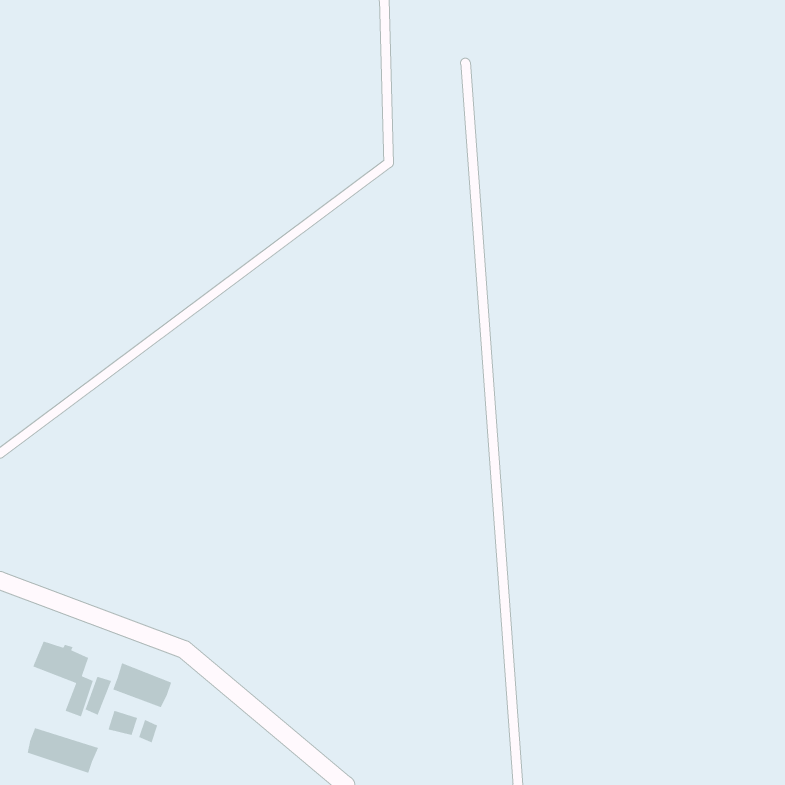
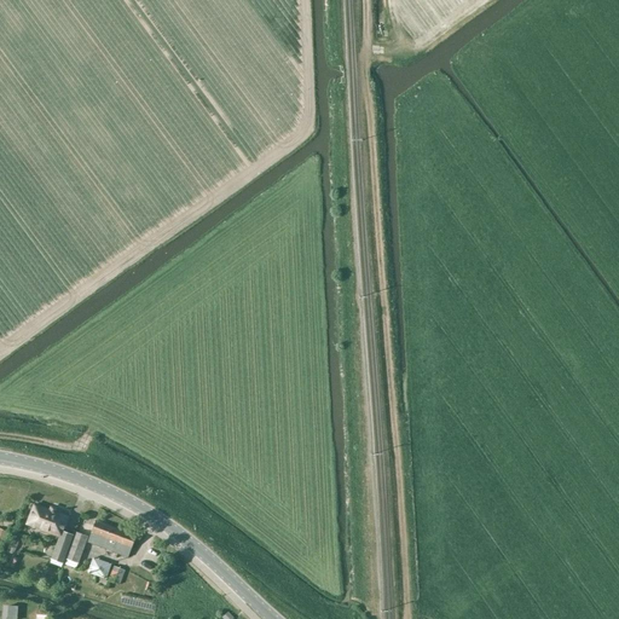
building: [27,727,99,774] -> none

